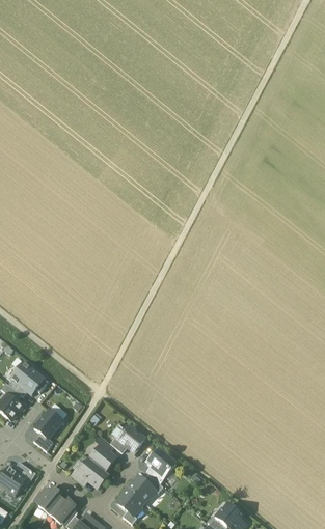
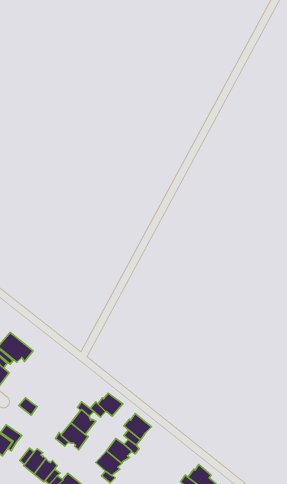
building: [33,410,61,439] -> none

